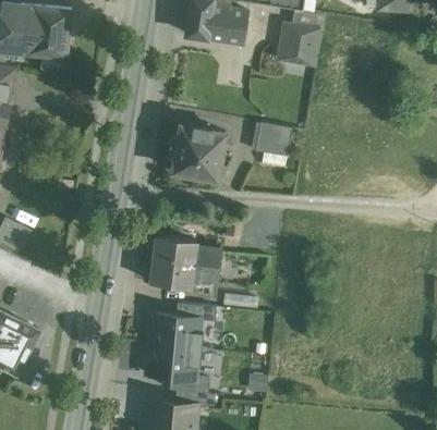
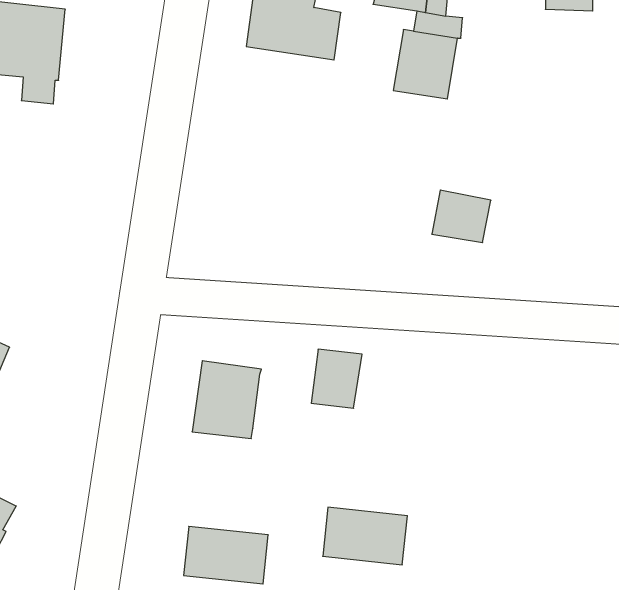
building: [254,123,292,157] -> [432,190,491,243]
building: [171,124,224,181] -> none
building: [191,245,223,283] -> [311,349,362,408]
building: [149,311,204,348] -> [323,507,407,565]

